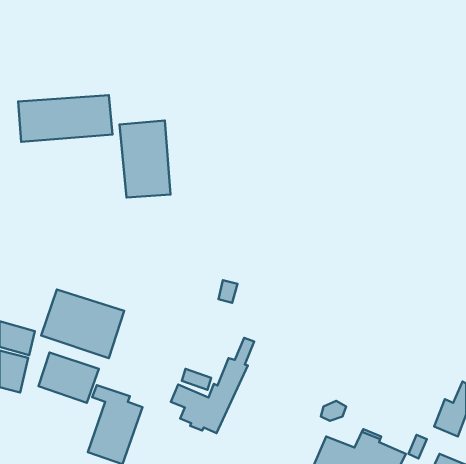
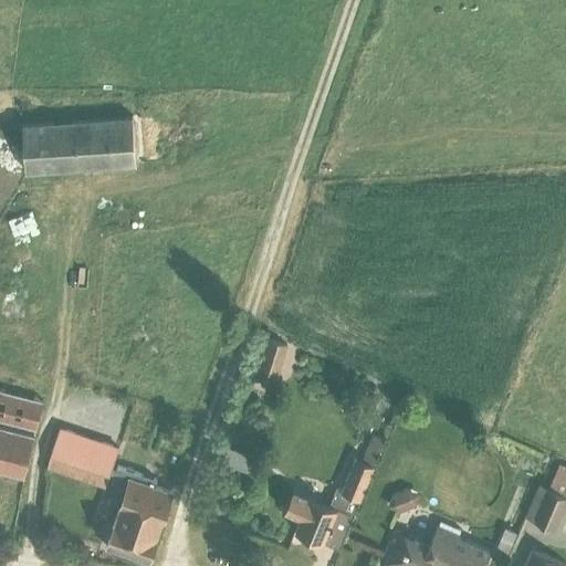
building: [120,120,171,198] -> none
building: [41,290,124,358] -> none
building: [171,338,254,433] -> [284,437,385,552]

